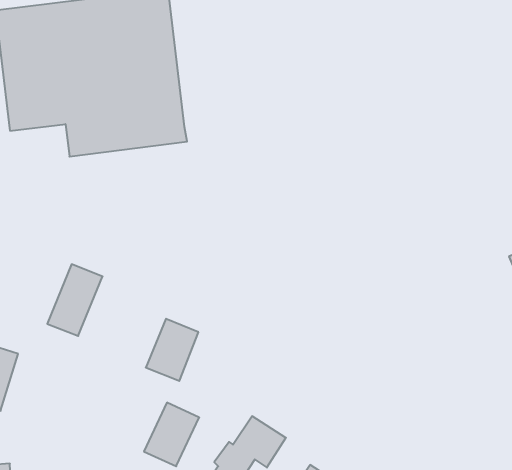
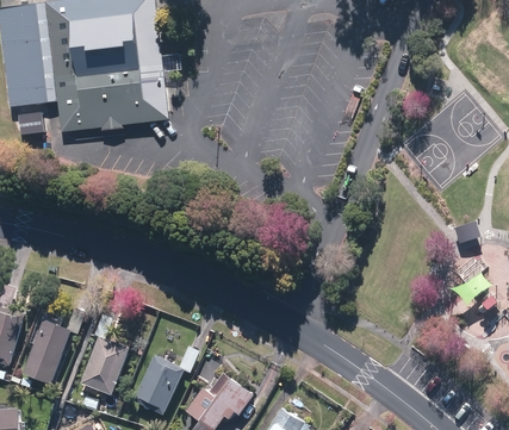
building: [47,264,103,336] -> [21,319,70,382]
building: [146,319,198,381] -> [80,337,126,392]

